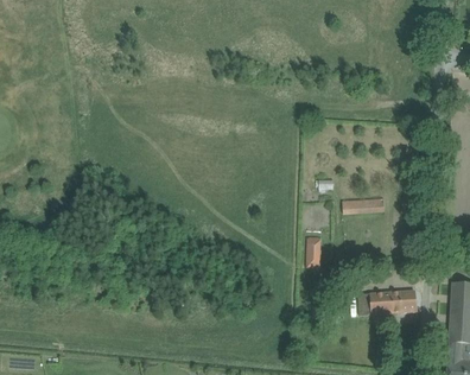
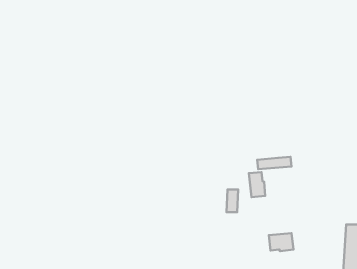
building: none -> [249,172,265,197]
building: [386,290,417,313] -> none

